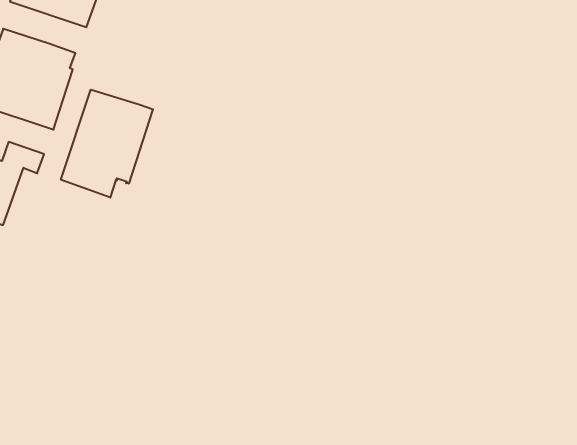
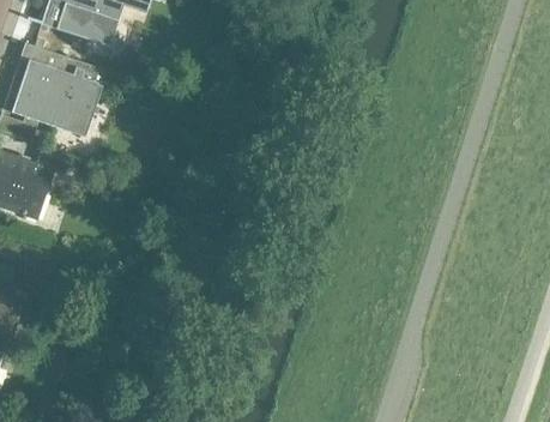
building: [61,90,153,198] -> none

